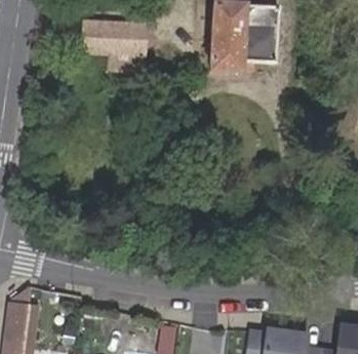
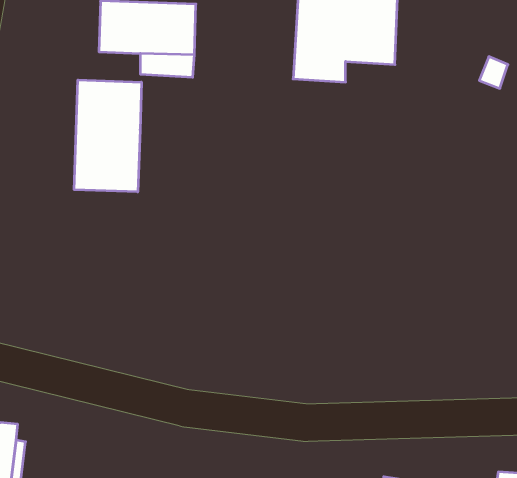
building: none -> [74,80,141,192]

